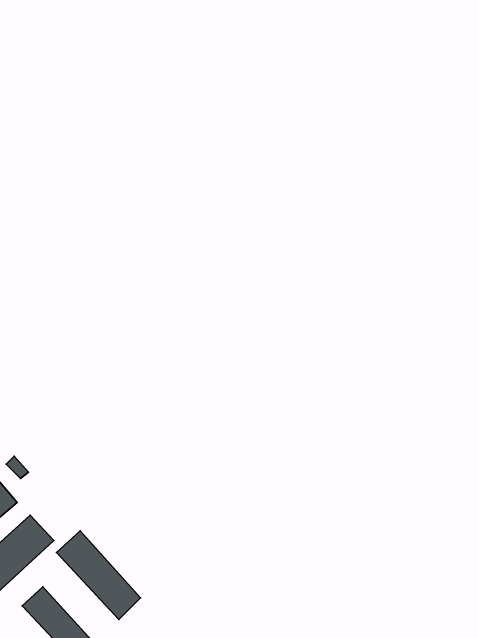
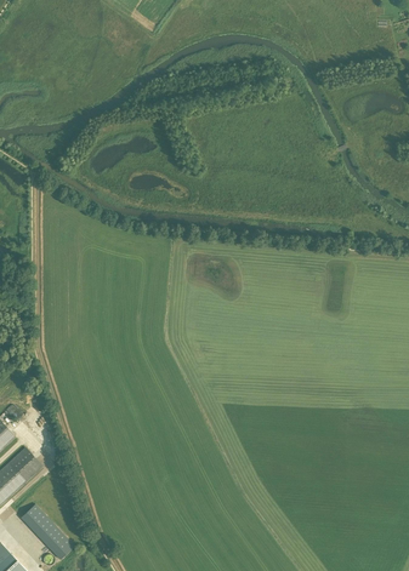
building: [57,531,141,620] -> none

